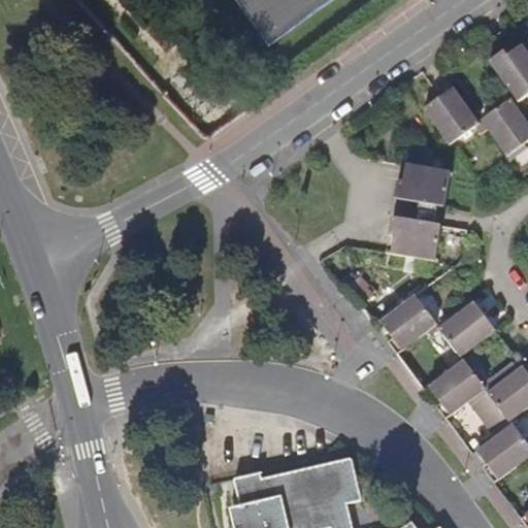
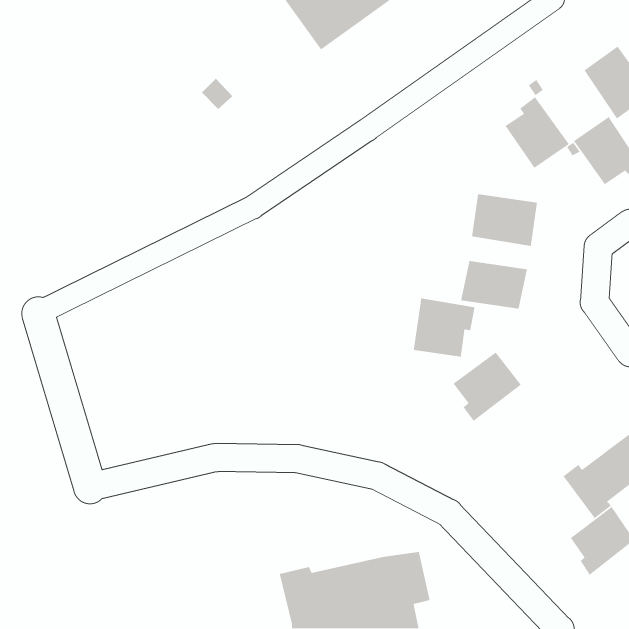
building: none -> [413,297,476,357]
building: [438,296,497,357] -> none
building: [428,360,485,418] -> none

